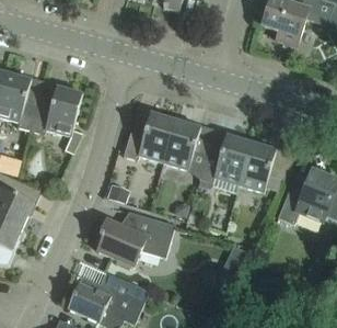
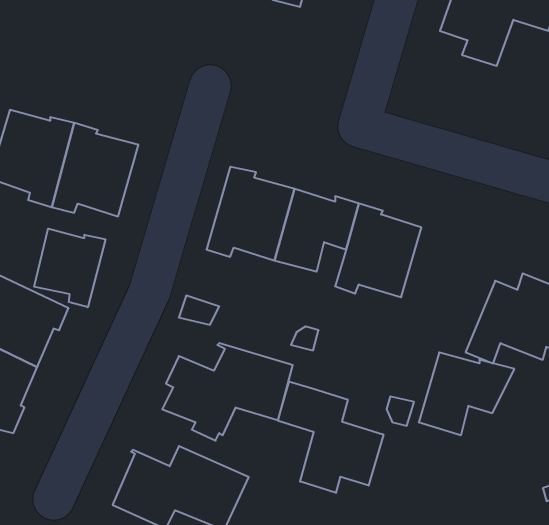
building: [240,142,297,191] -> [419,352,514,435]
building: none -> [34,229,105,307]
building: none -> [278,381,383,493]

